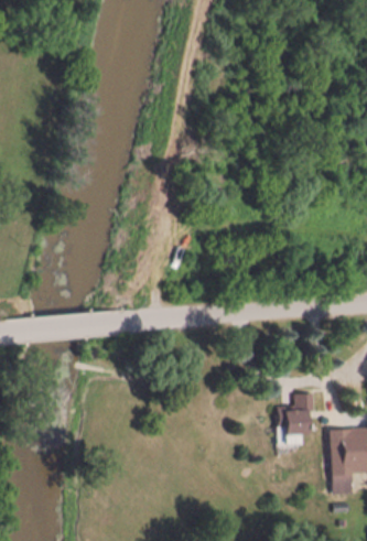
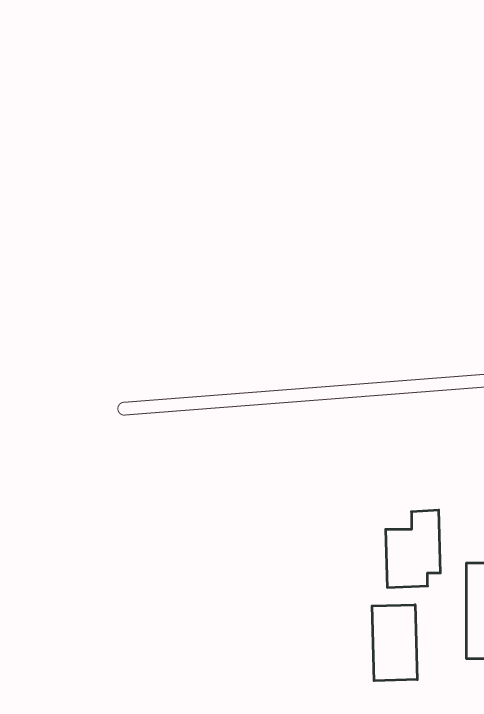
building: none -> [372,605,417,681]

